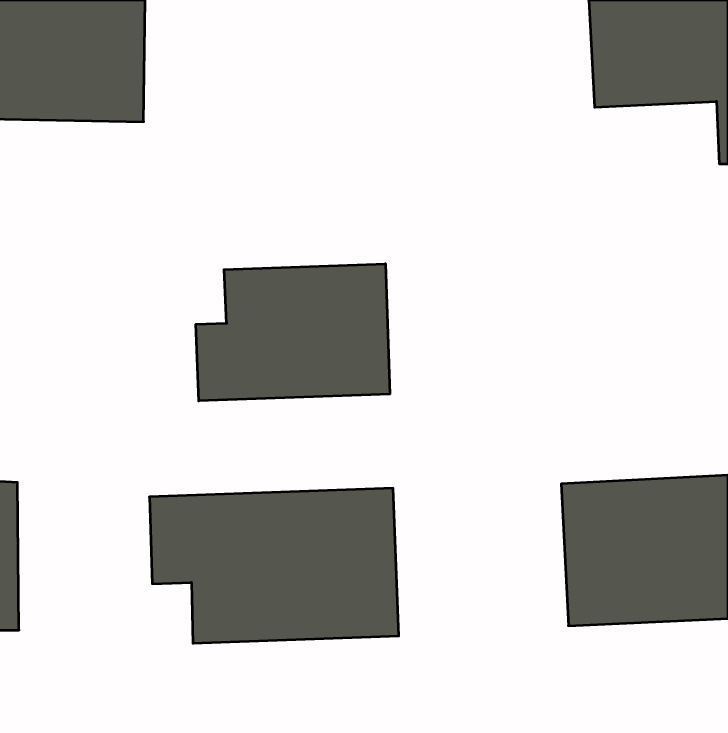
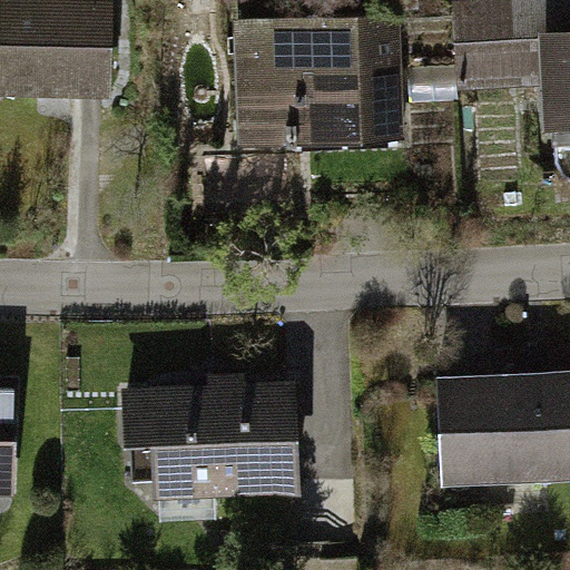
building: none -> [235,10,407,147]
building: [196,264,390,401] -> none

